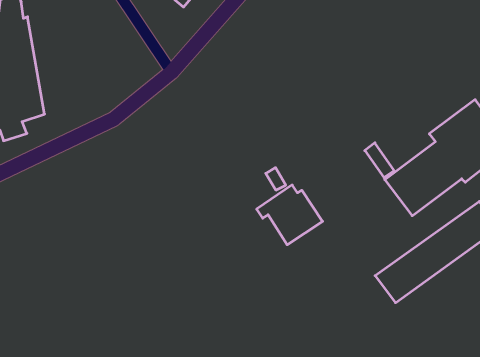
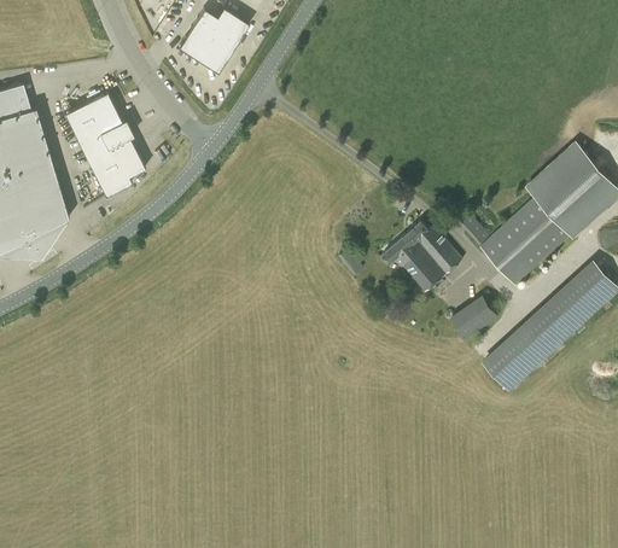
building: none -> [64,93,145,197]
building: [257,185,323,245] -> [384,222,464,293]
building: none -> [451,295,500,340]

